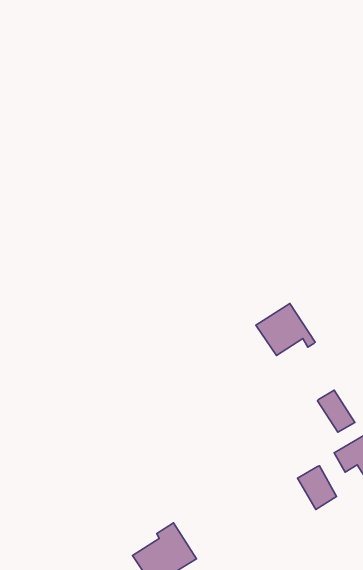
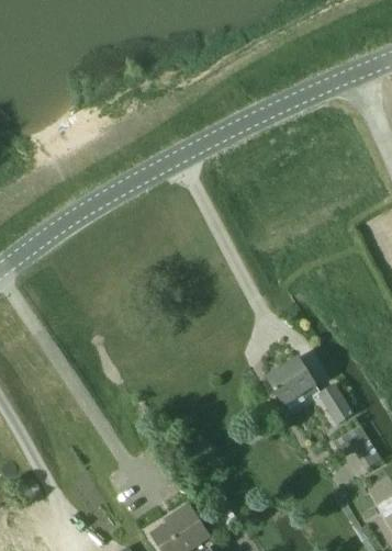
building: [256,304,315,355] -> [267,358,321,405]
building: [298,466,336,509] -> none

